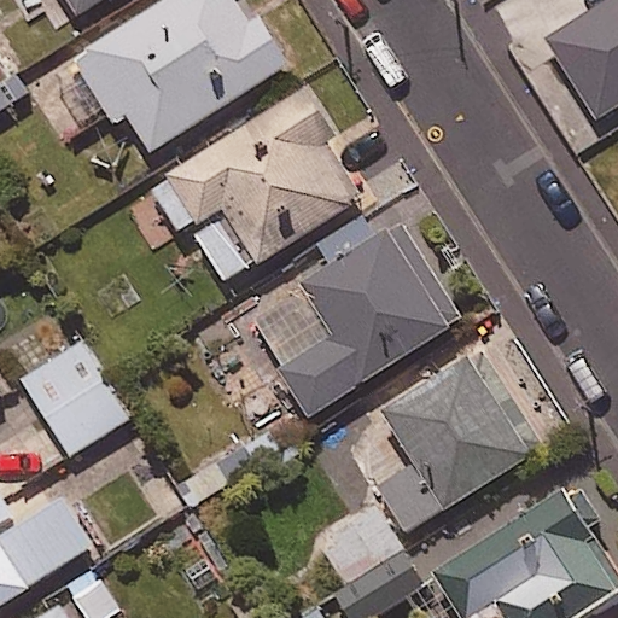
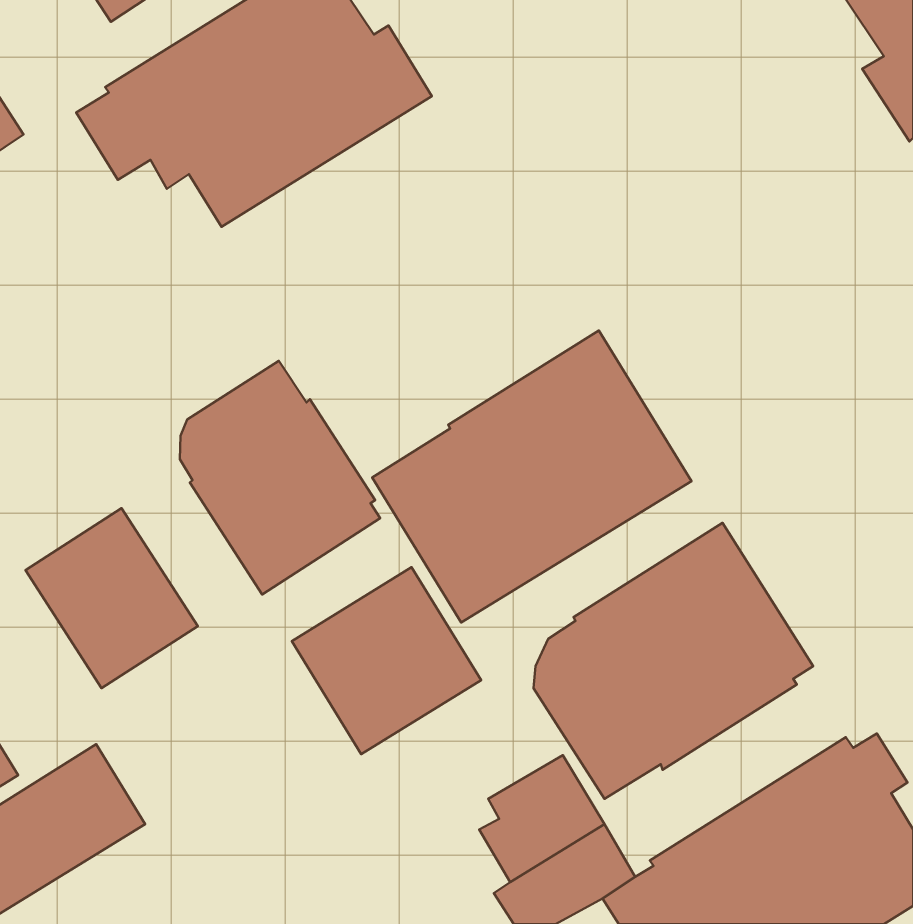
building: [148,87,363,280] -> none
building: none -> [180,361,380,594]
building: none -> [292,567,481,754]

